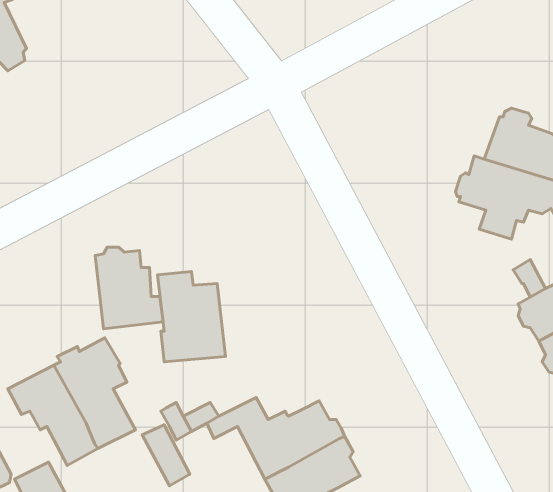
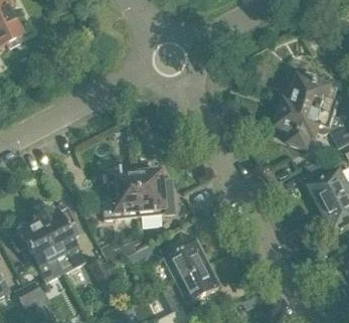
building: [95,247,163,329] -> [134,168,174,216]

